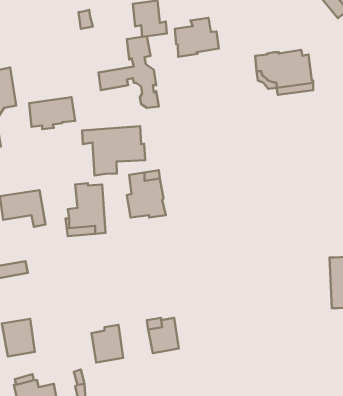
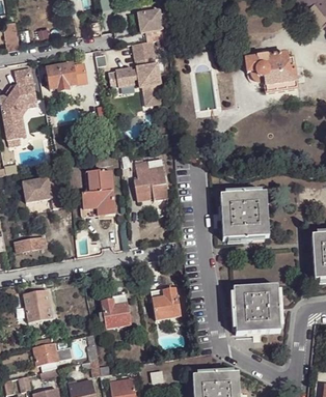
building: [175,18,219,57] -> none
building: [29,97,75,129] -> [47,63,87,91]
building: [82,126,145,175] -> none
building: none -> [220,193,269,239]
building: none -> [233,285,280,334]

